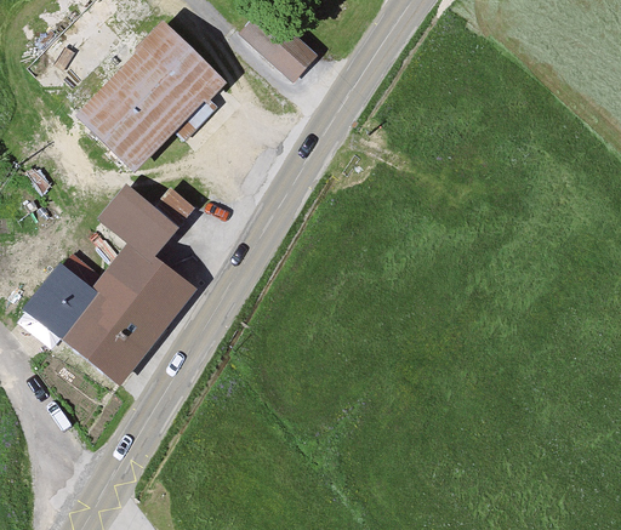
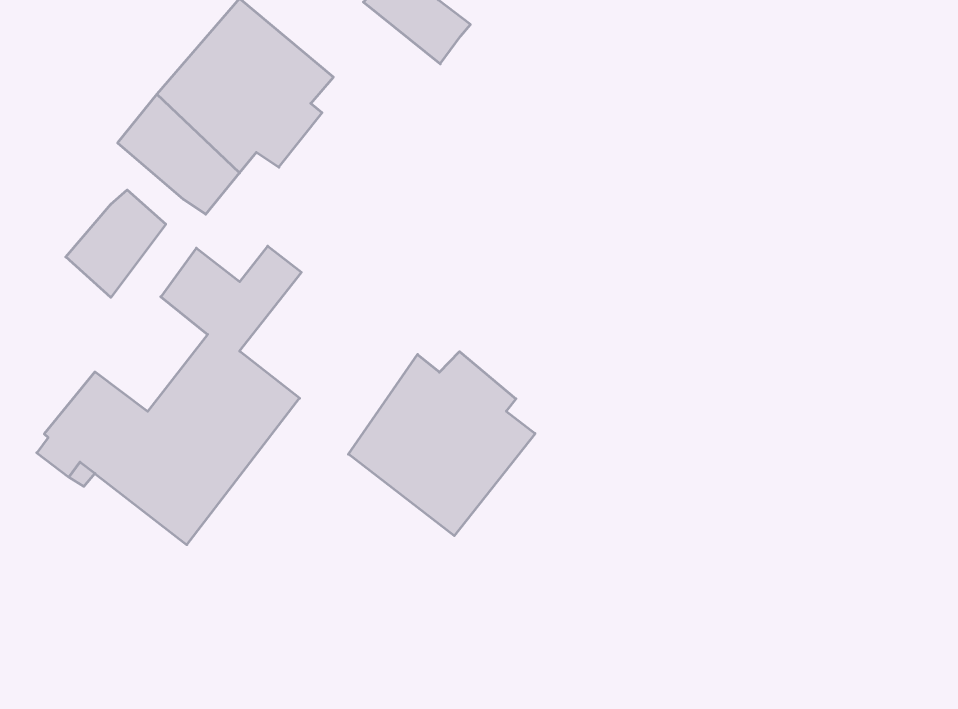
building: none -> [66,190,166,297]
building: none -> [348,352,535,536]

